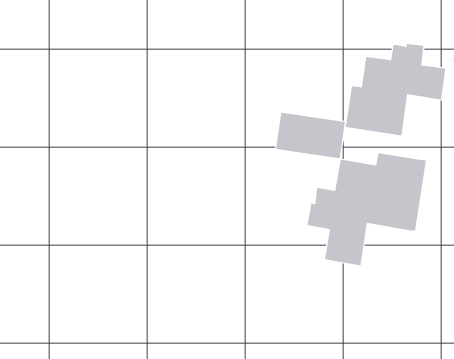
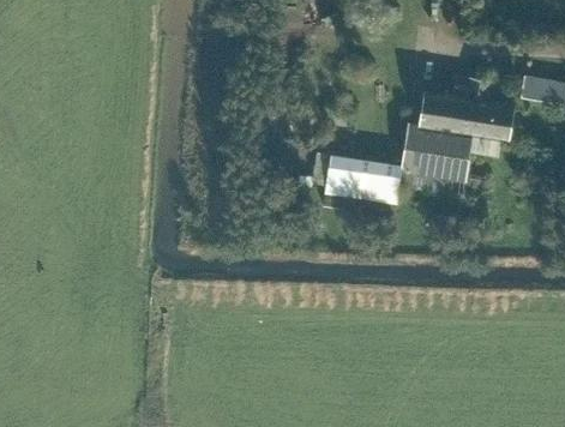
building: [307,153,426,266] -> none

